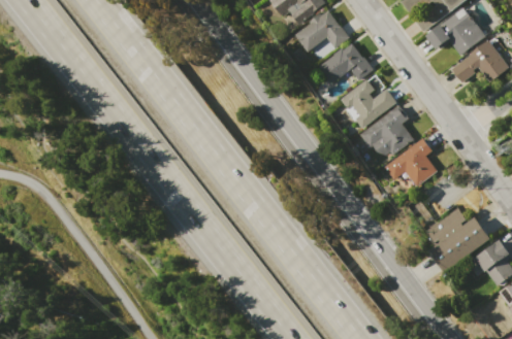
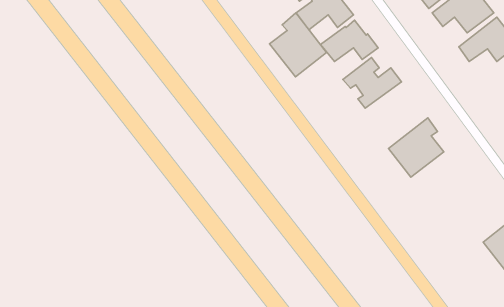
building: none -> [270,13,327,77]
building: [359,104,415,158] -> none
building: [426,208,490,272] -> none

